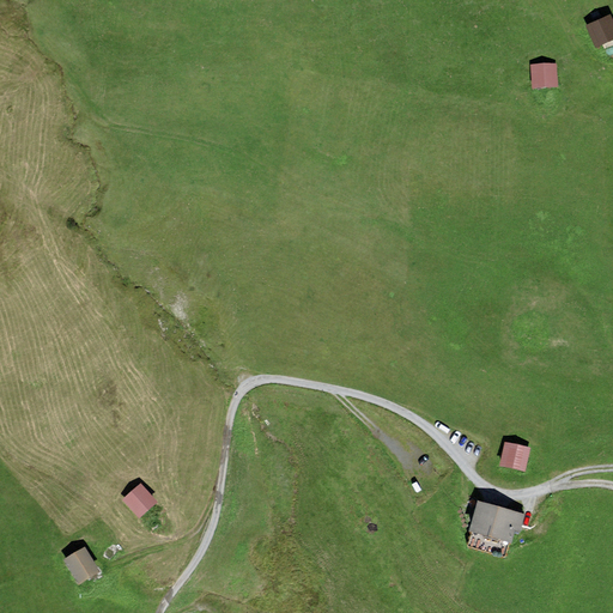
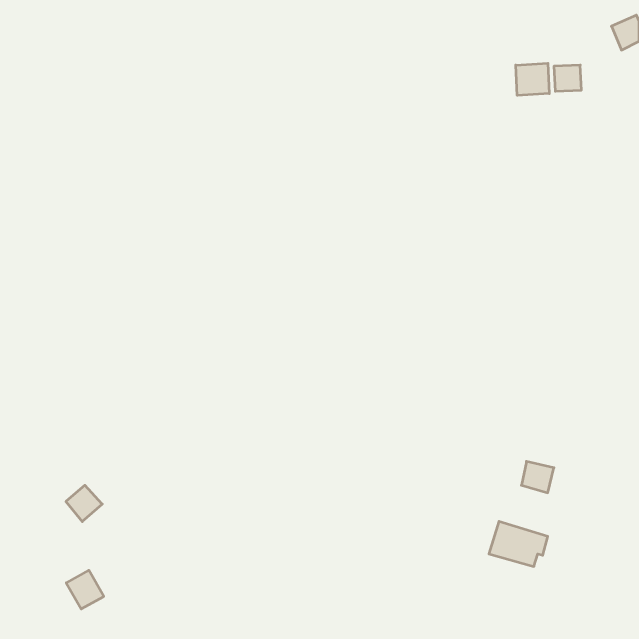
building: none -> [516,63,549,95]
building: [122,484,157,518] -> [66,485,102,522]

